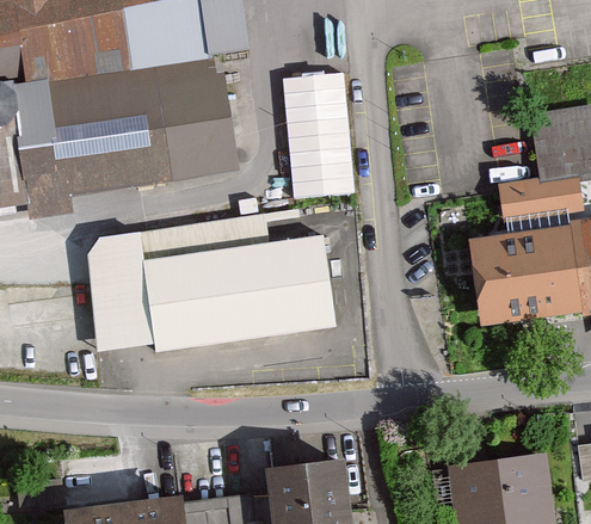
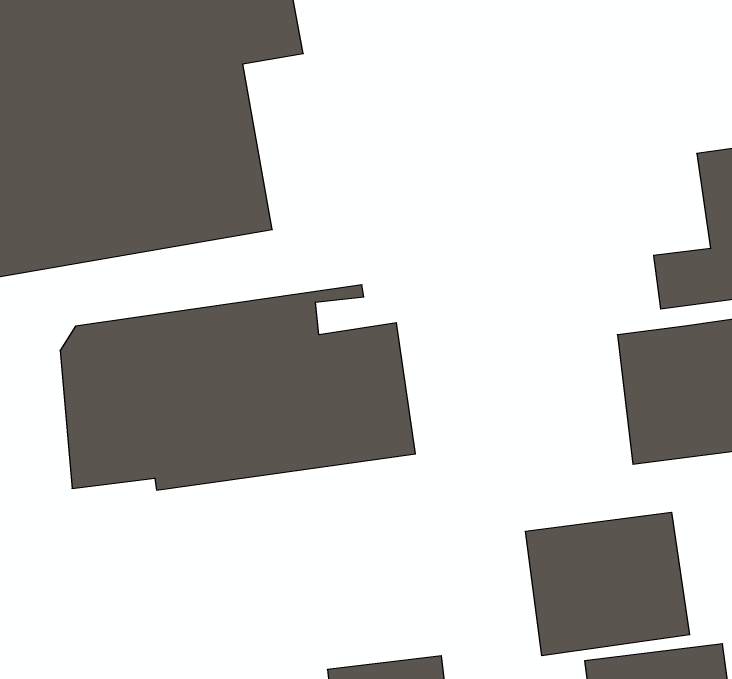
building: [281,75,355,198] -> none
building: none -> [526,512,690,656]

